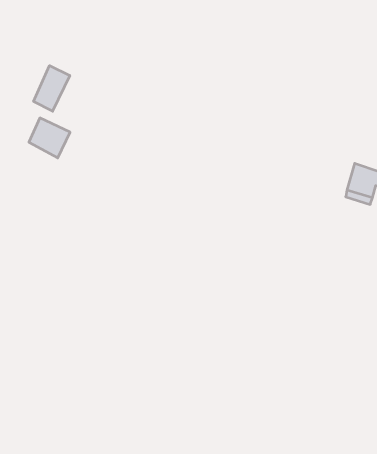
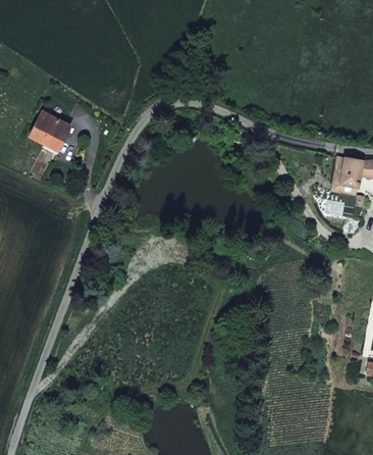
building: [34,66,70,111] -> none

